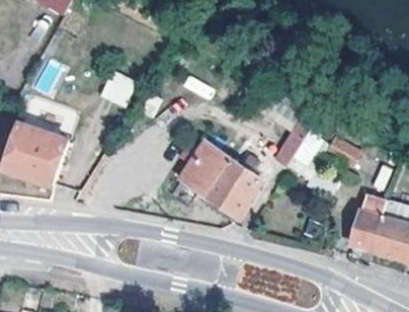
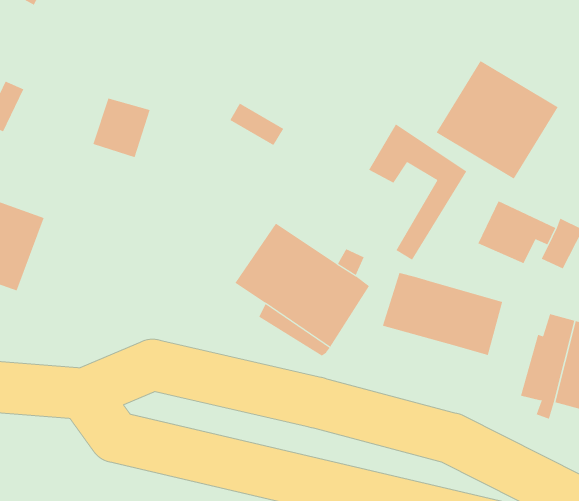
building: none -> [436,60,558,179]
building: none -> [382,272,503,356]

